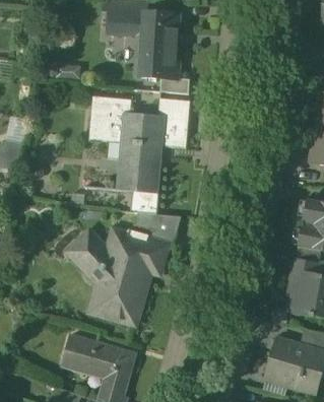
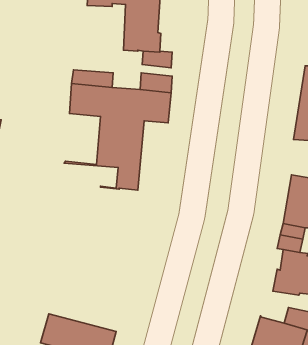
building: [133,212,181,242] -> none
building: [70,234,165,320] -> none

